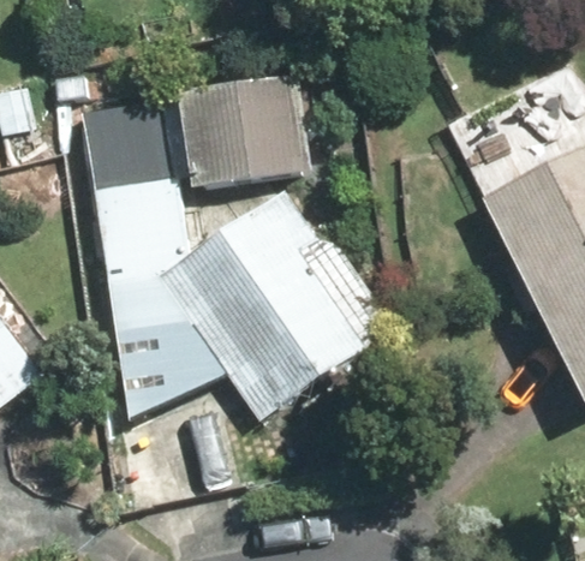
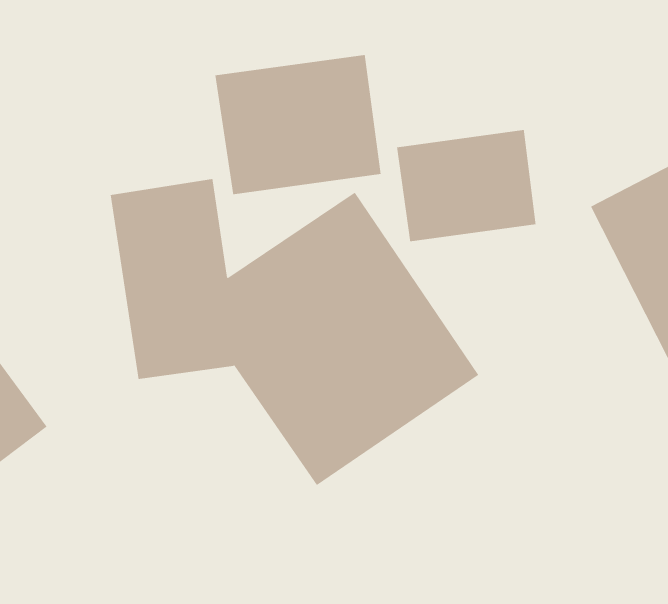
building: none -> [397,129,536,242]

